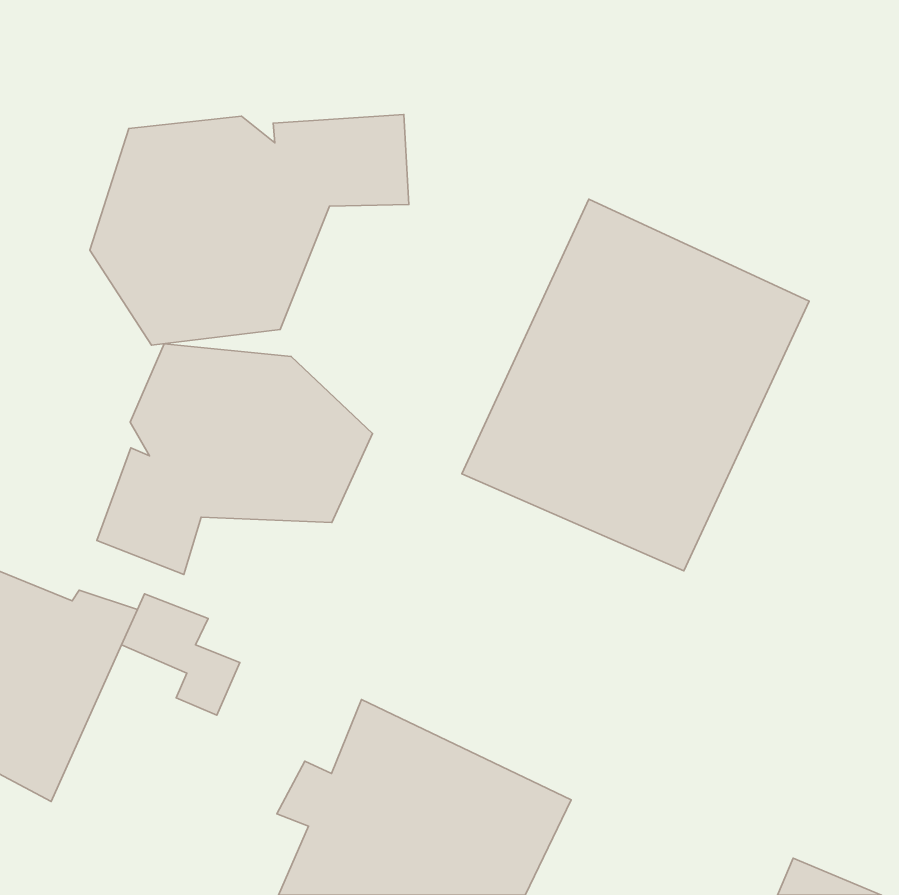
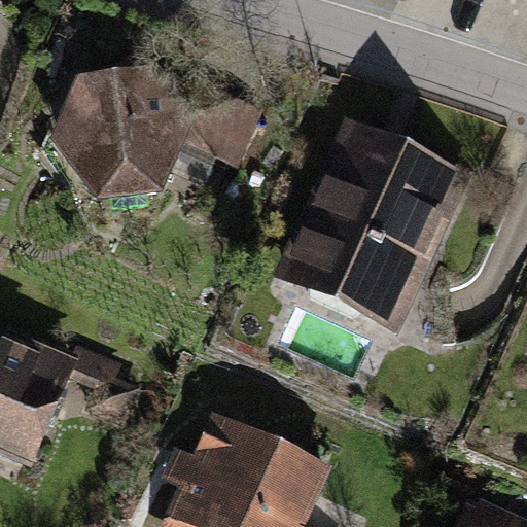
building: [97,344,373,575] -> none

